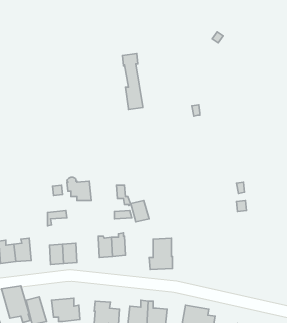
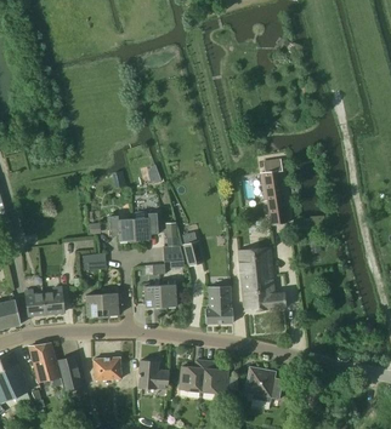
building: [123,54,143,109] -> [262,159,287,225]
building: none -> [132,211,158,241]
building: none -> [237,247,285,311]

